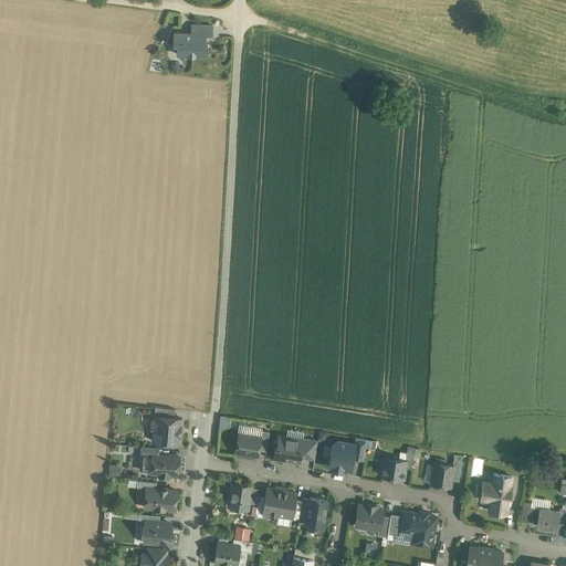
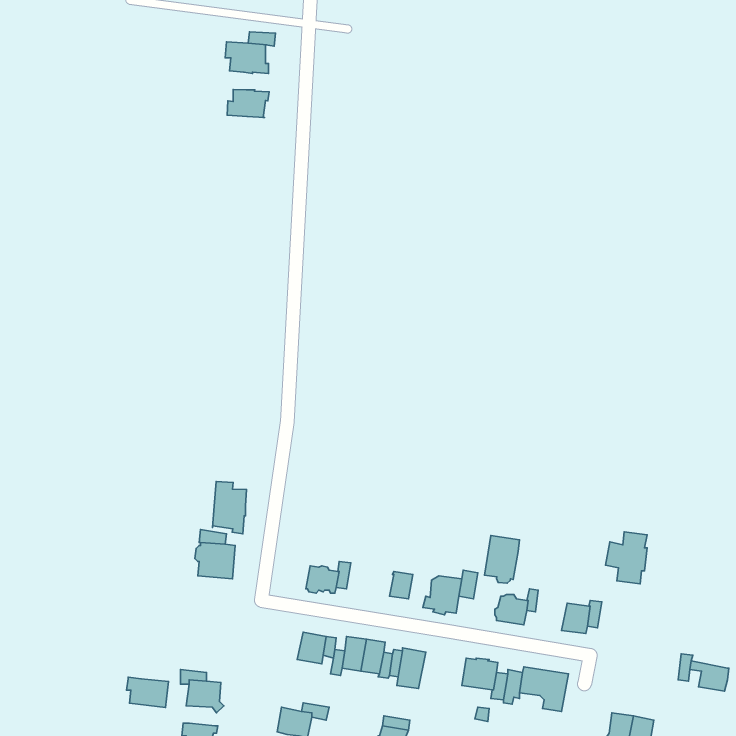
building: none -> [227,90,269,118]
building: none -> [213,482,246,534]
building: none -> [484,535,519,583]
building: [272,437,302,462] -> none
building: [149,455,178,476] -> none
building: [479,474,511,514] -> [605,532,647,584]
building: [144,488,176,511] -> [127,677,168,708]

